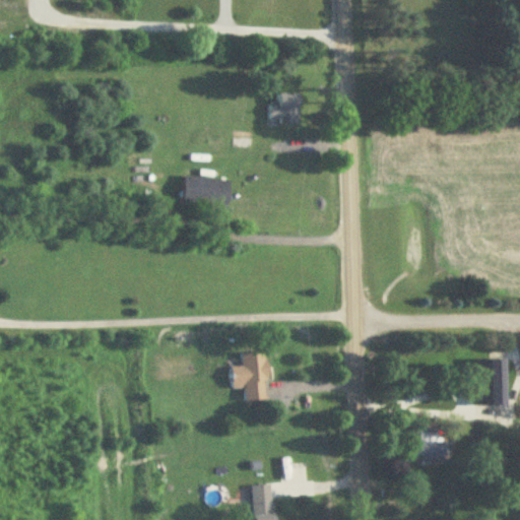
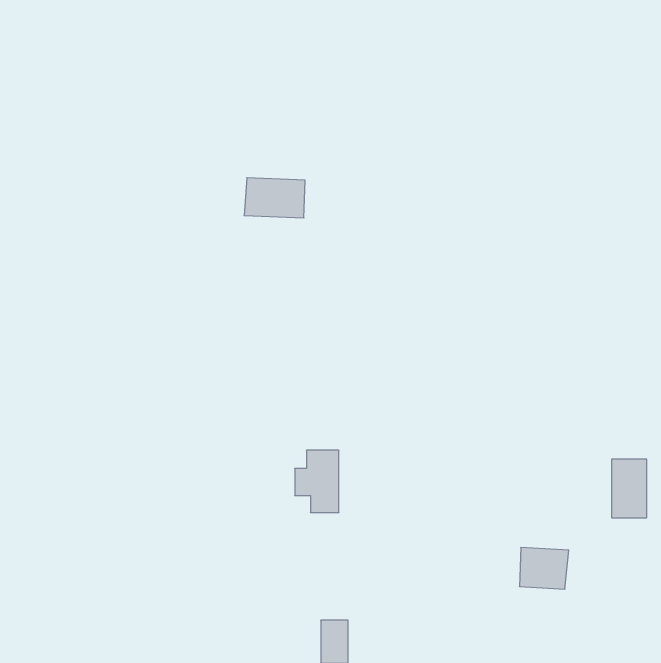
building: [268,93,300,125] -> none
building: [183,178,231,209] -> [244,178,305,218]

